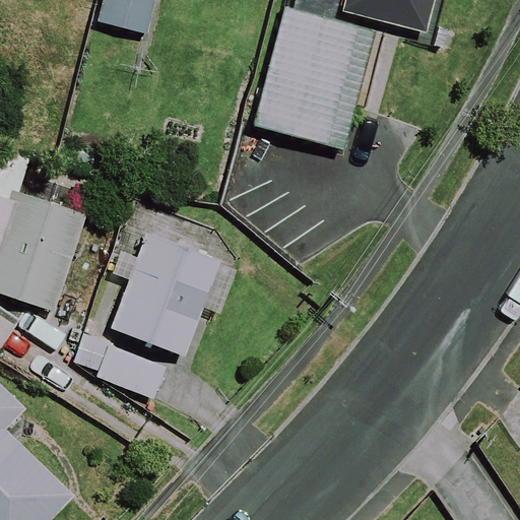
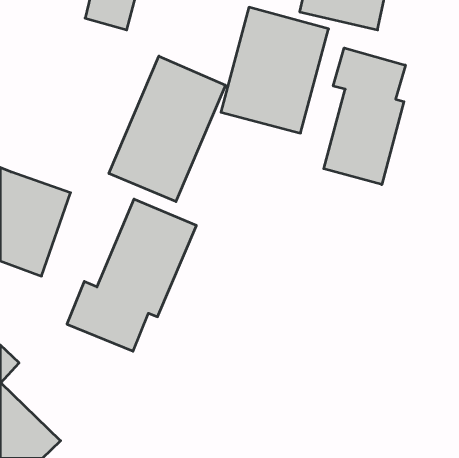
building: none -> [324,48,405,185]
building: none -> [109,56,225,202]

